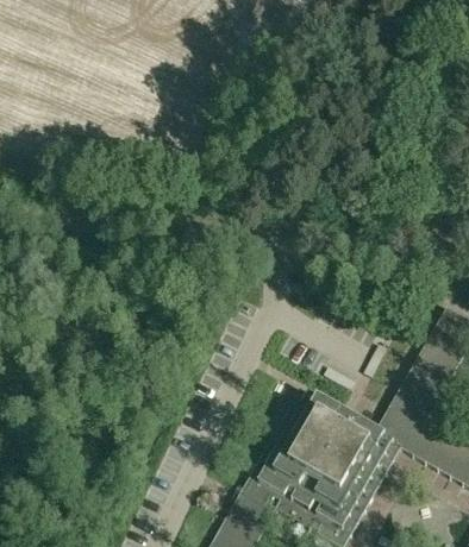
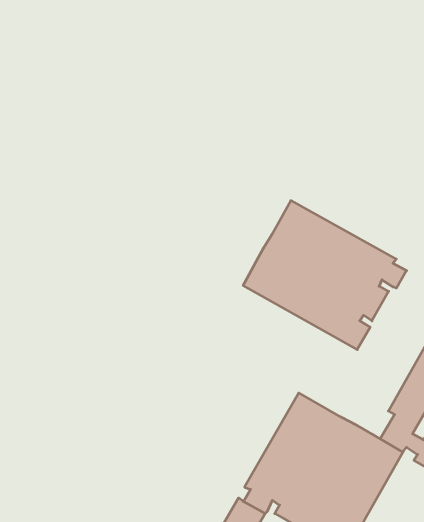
building: none -> [243,201,407,350]

